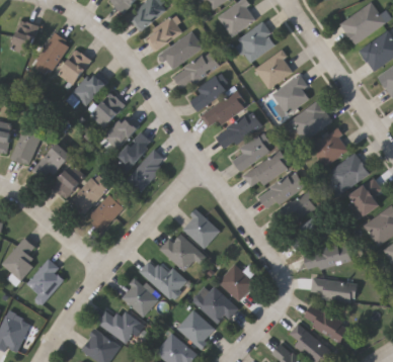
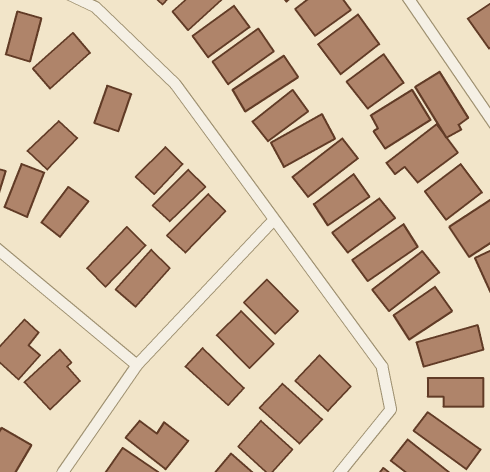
building: [57,50,92,84] -> [27,121,77,170]
building: none -> [415,72,468,138]
building: [91,92,126,126] -> none
building: [50,163,85,198] -> none
building: [121,278,159,318] -> none

